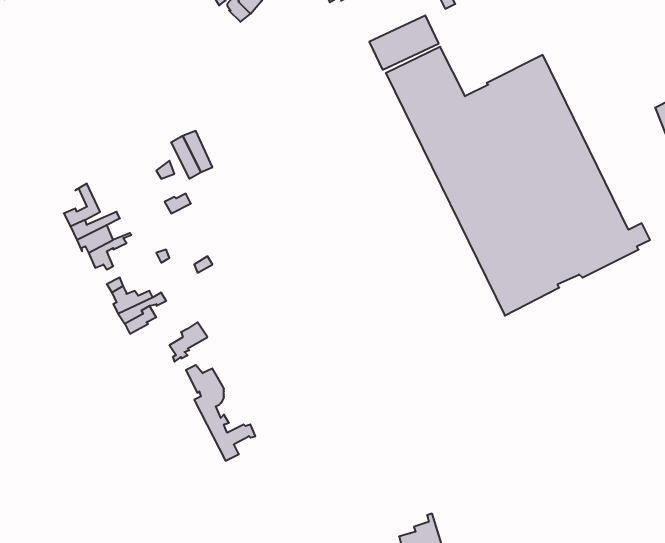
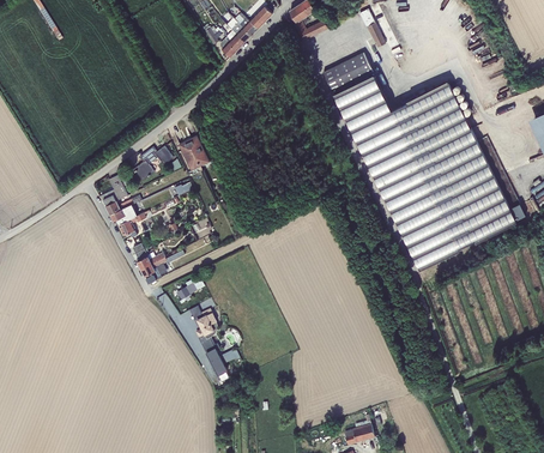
building: none -> [133,146,171,181]

